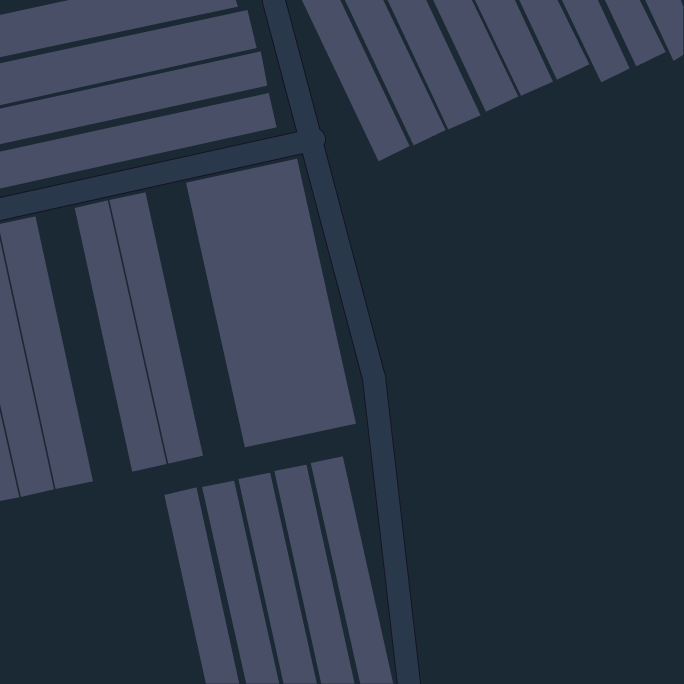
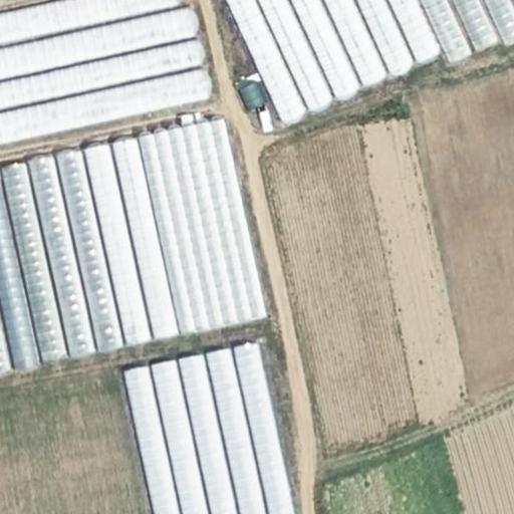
building: none -> [109,137,183,341]
building: none -> [27,156,98,360]

